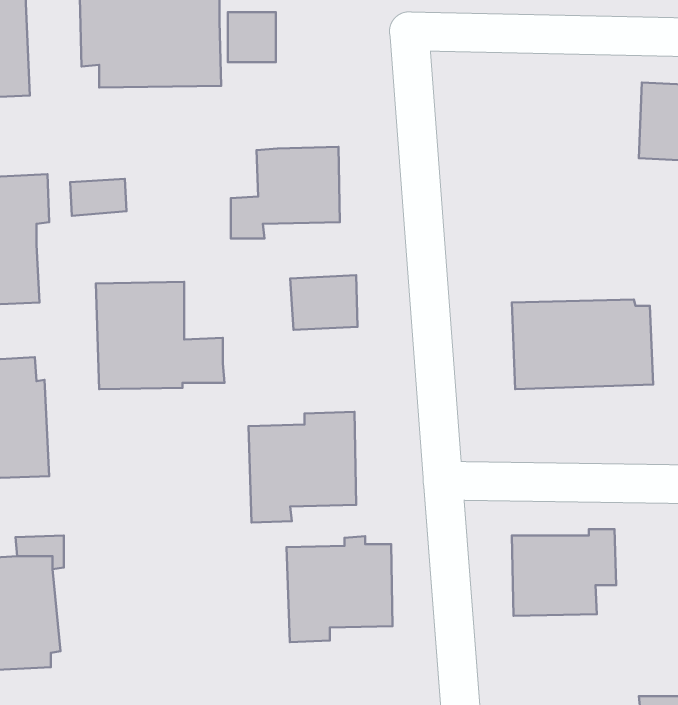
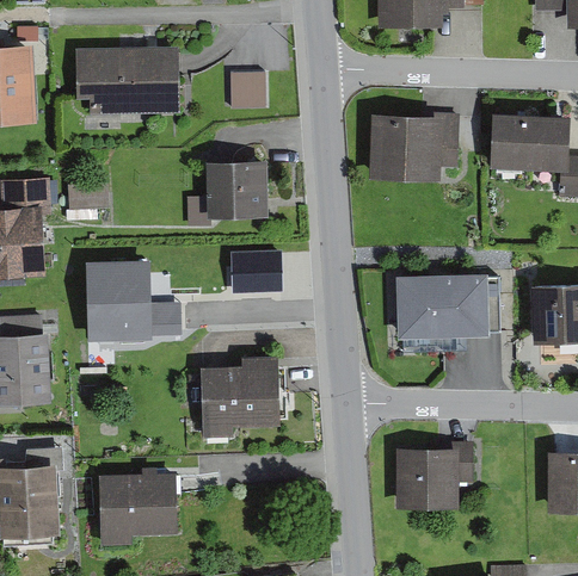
building: [228,12,276,62] -> [229,73,265,110]
building: none -> [369,113,459,180]
building: [287,536,393,642] -> [98,467,177,546]

